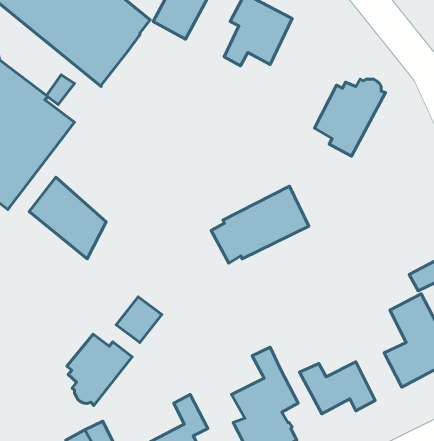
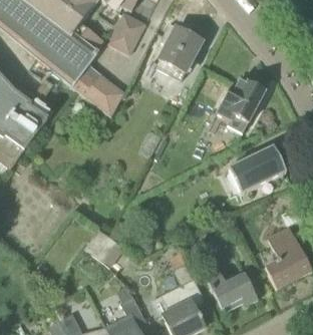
building: [29,177,106,259] -> [72,61,124,116]
building: [211,186,309,263] -> [220,144,286,197]
building: [67,334,132,405] -> none

